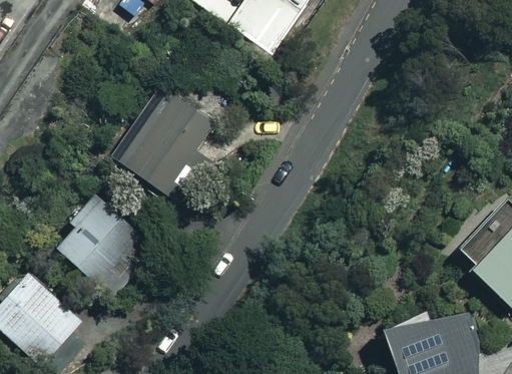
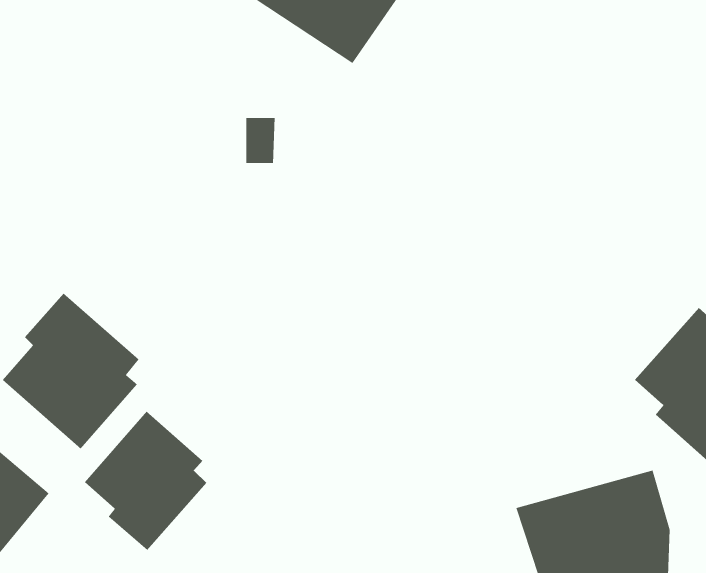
building: [119,86,211,200] -> none
building: none -> [84,411,207,551]

